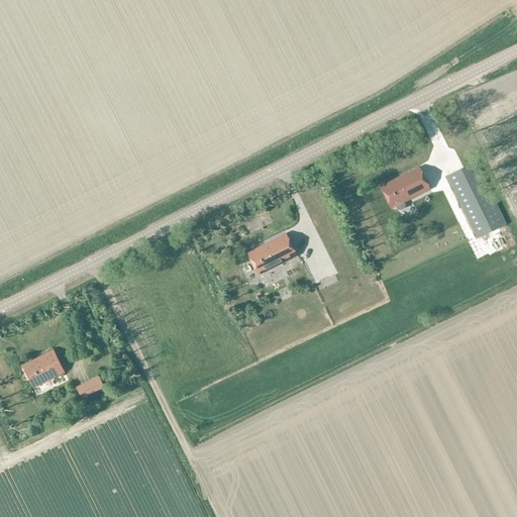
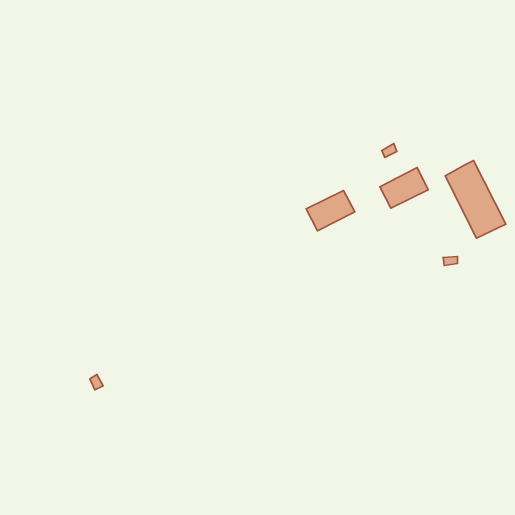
building: [246,234,295,275] -> [306,191,355,231]
building: [21,349,64,388] -> none

